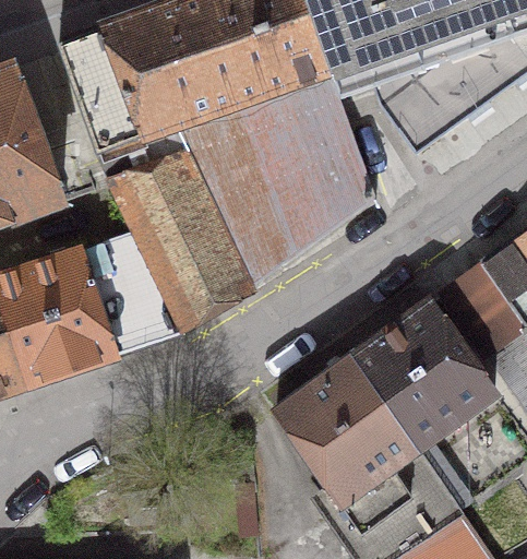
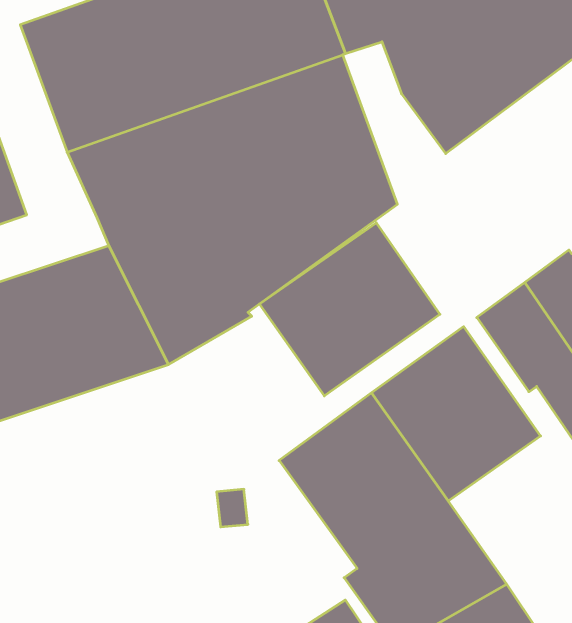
building: none -> [259,223,440,396]

